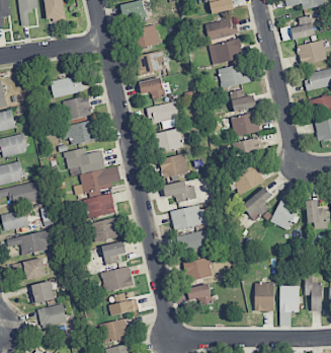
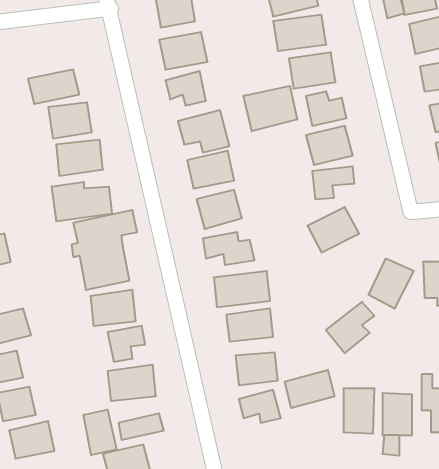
building: none -> [244,86,297,131]
building: [241,187,272,220] -> [326,302,374,353]
building: none -> [285,370,334,408]
building: none -> [84,410,117,455]

